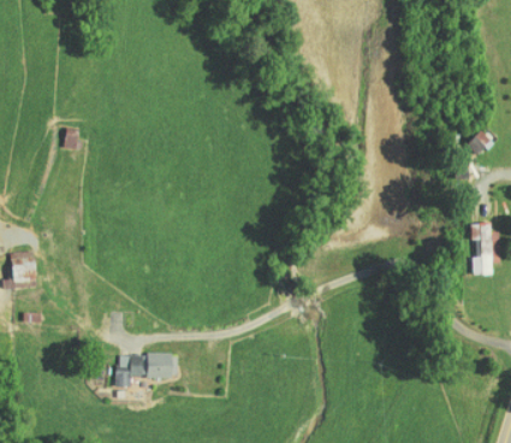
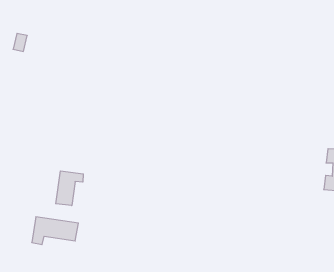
building: none -> [56,171,83,206]

